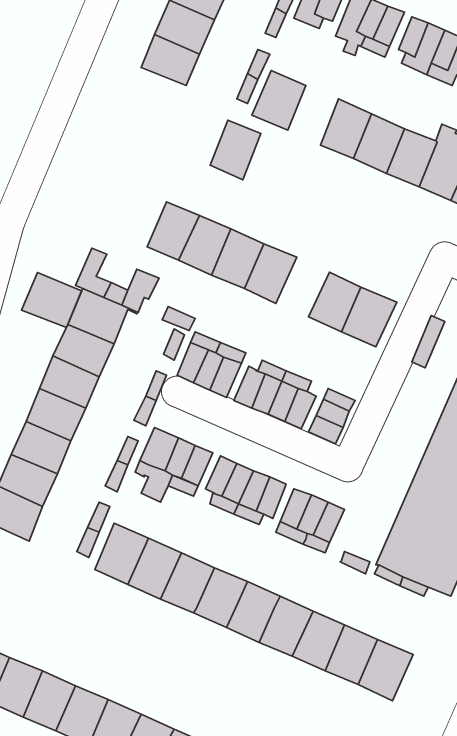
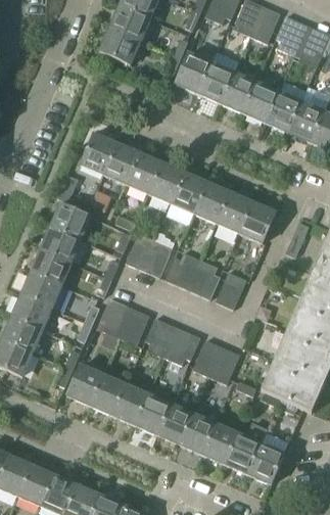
building: [210,120,261,180] -> [200,63,235,104]
building: none -> [81,133,117,174]
building: none -> [192,181,229,222]
building: [21,273,82,327] -> none

